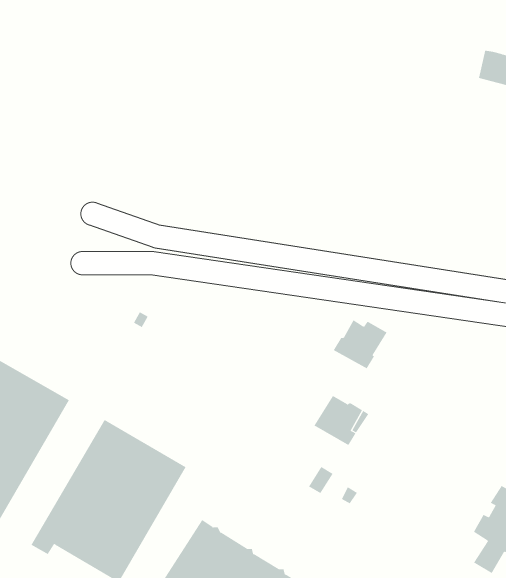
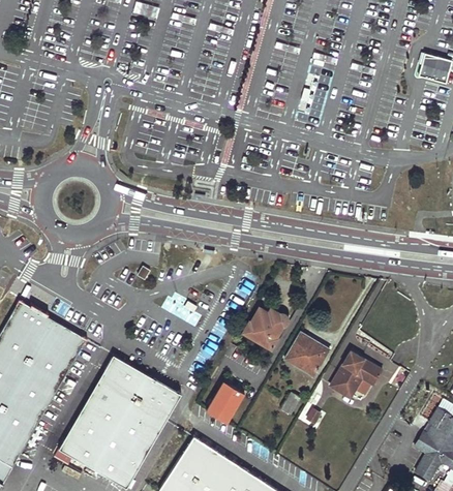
building: [333,320,387,369] -> [243,308,288,348]
building: none -> [330,351,383,398]
building: none -> [206,380,245,424]

